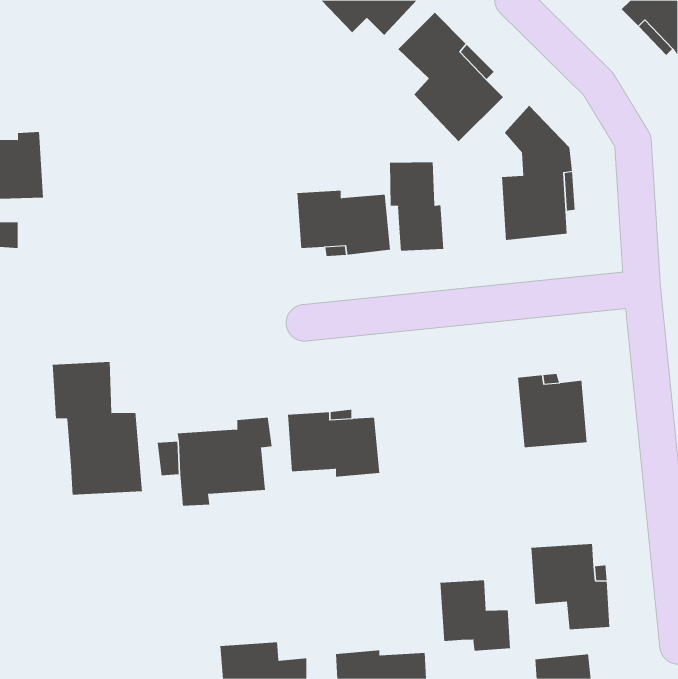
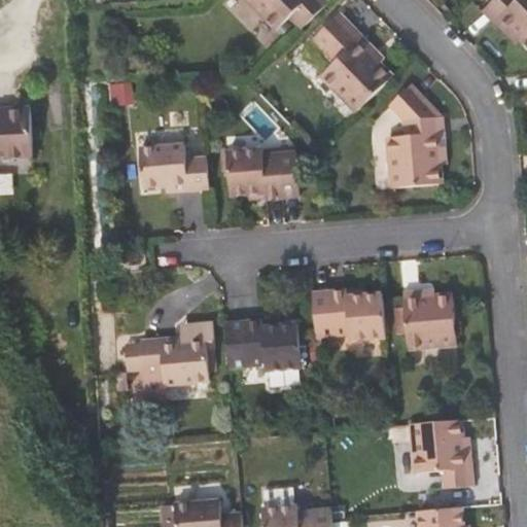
building: [390,161,444,251] -> none
building: none -> [141,142,210,188]
building: [52,361,142,496] -> none
building: none -> [312,290,384,340]
building: [440,579,511,652] -> none

